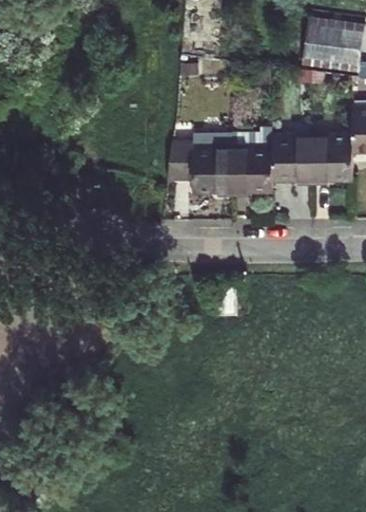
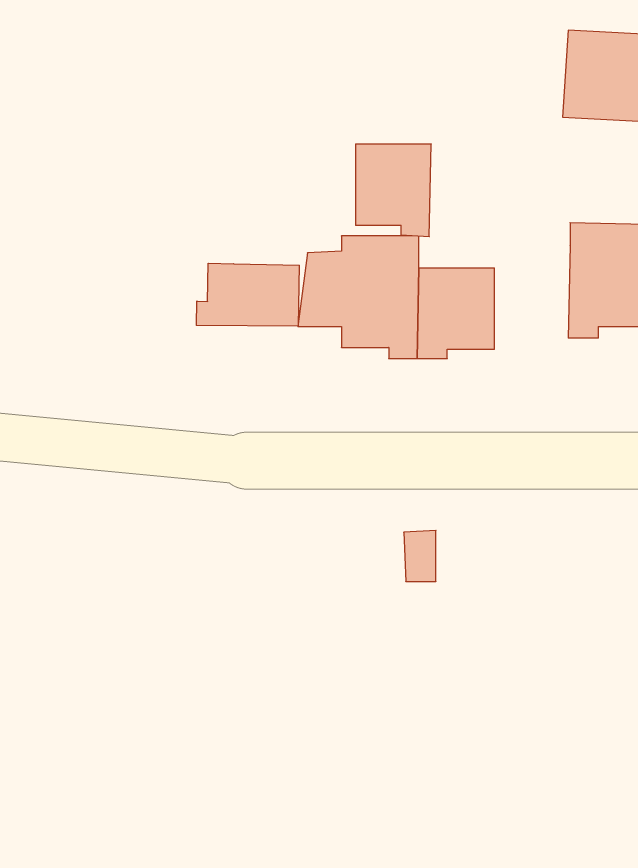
building: [270,135,310,184] -> [356,144,431,237]
building: none -> [196,263,299,326]

